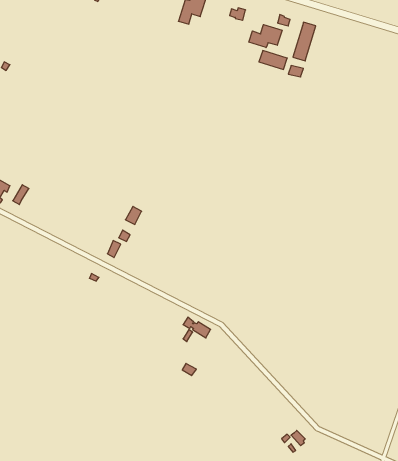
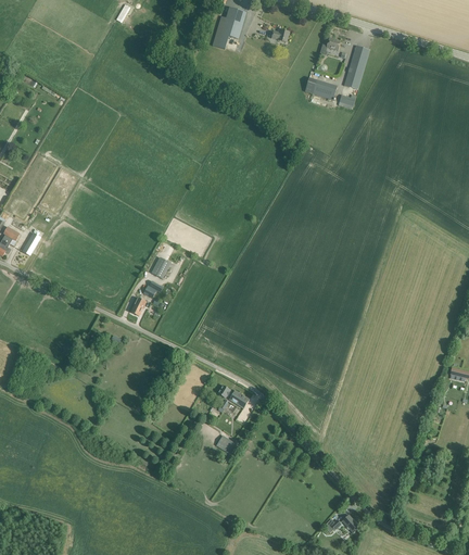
building: [249,25,282,48] -> none

